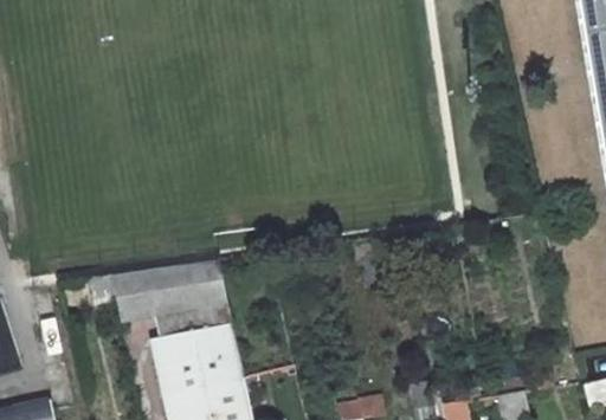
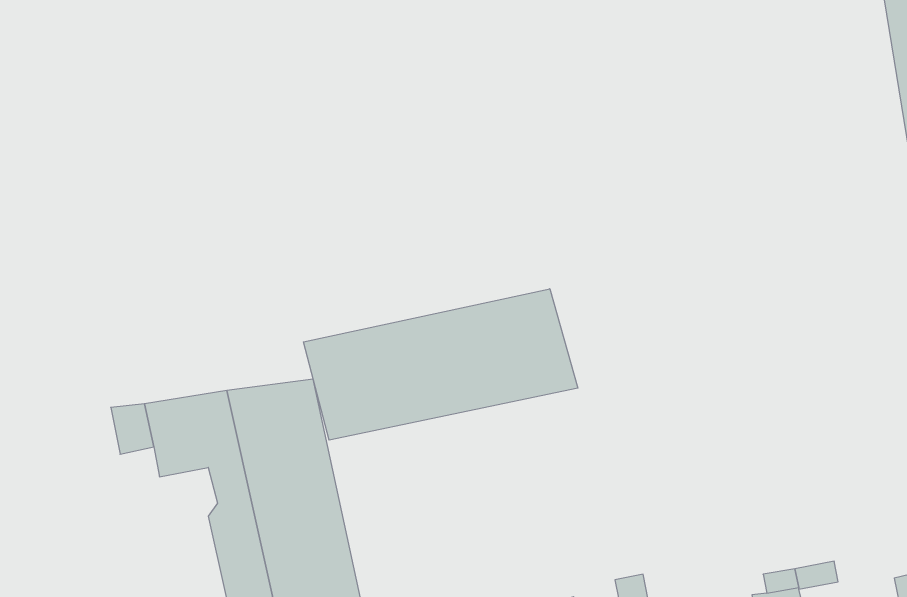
building: none -> [303,289,578,440]

